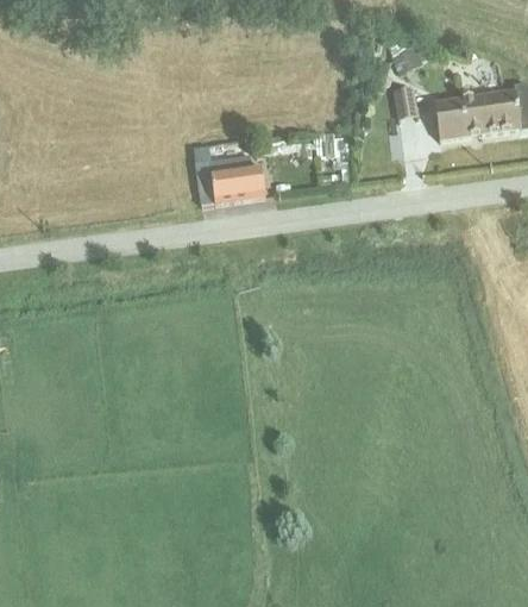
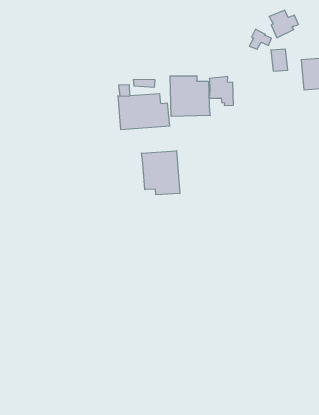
building: none -> [170,76,210,116]
building: none -> [141,151,180,195]

